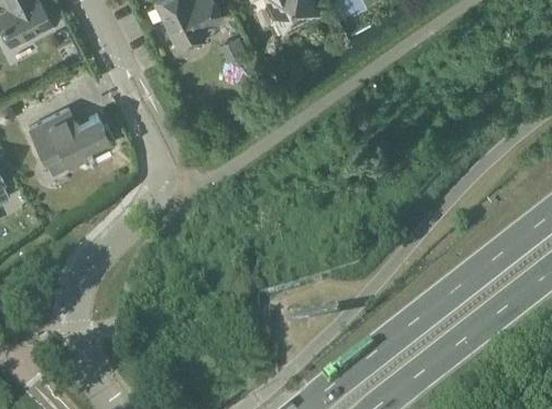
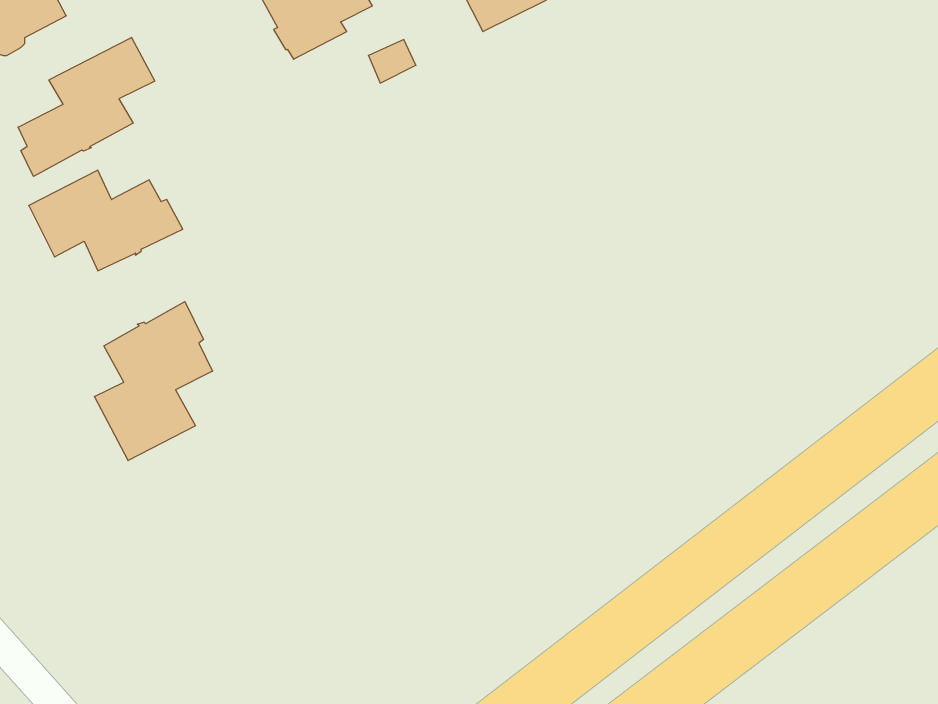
building: none -> [18,37,155,176]
building: none -> [94,302,213,461]

